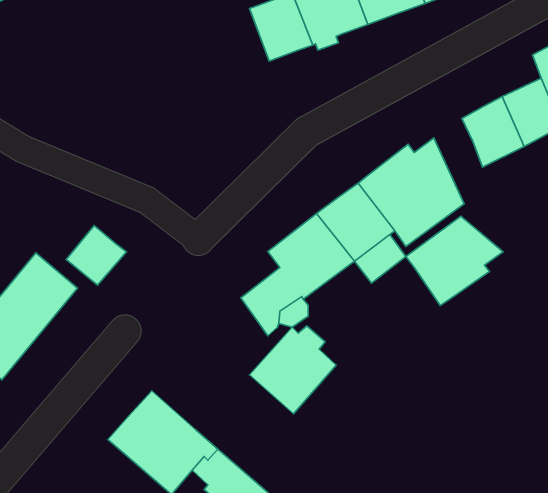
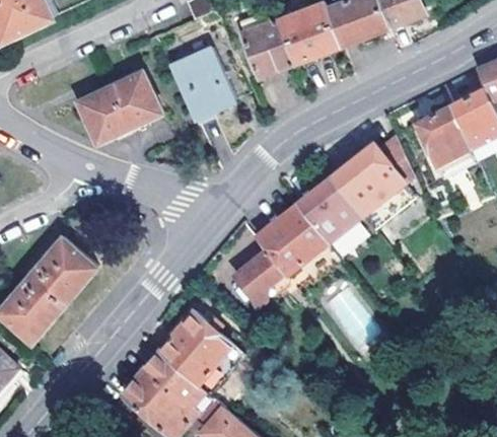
building: none -> [166,49,231,126]
building: none -> [76,72,159,144]
building: [406,216,503,305] -> none
building: [66,226,126,285] -> none
building: [249,326,336,414] -> [158,310,230,383]

